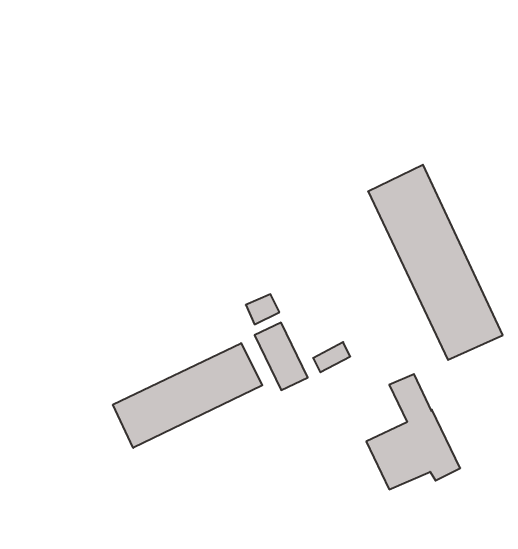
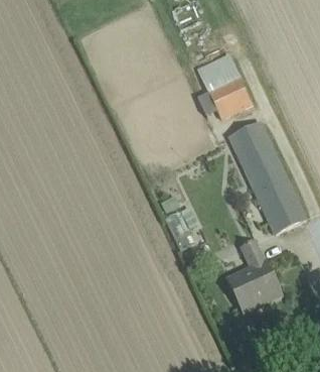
building: none -> [196,54,253,119]
building: [113,343,262,448] -> none

